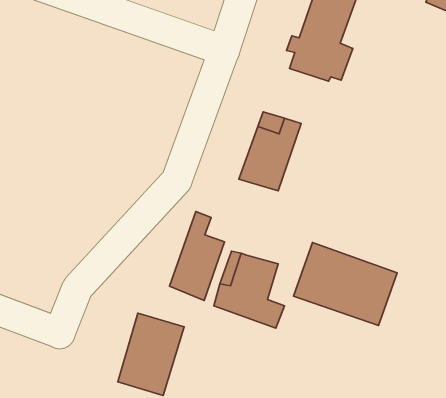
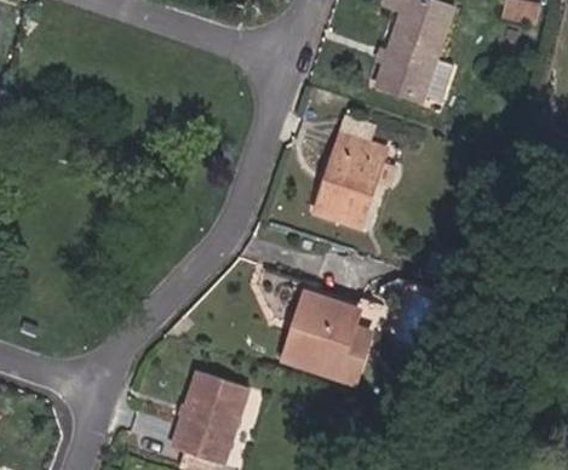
building: [169,212,224,301] -> none
building: [293,242,397,326] -> none

